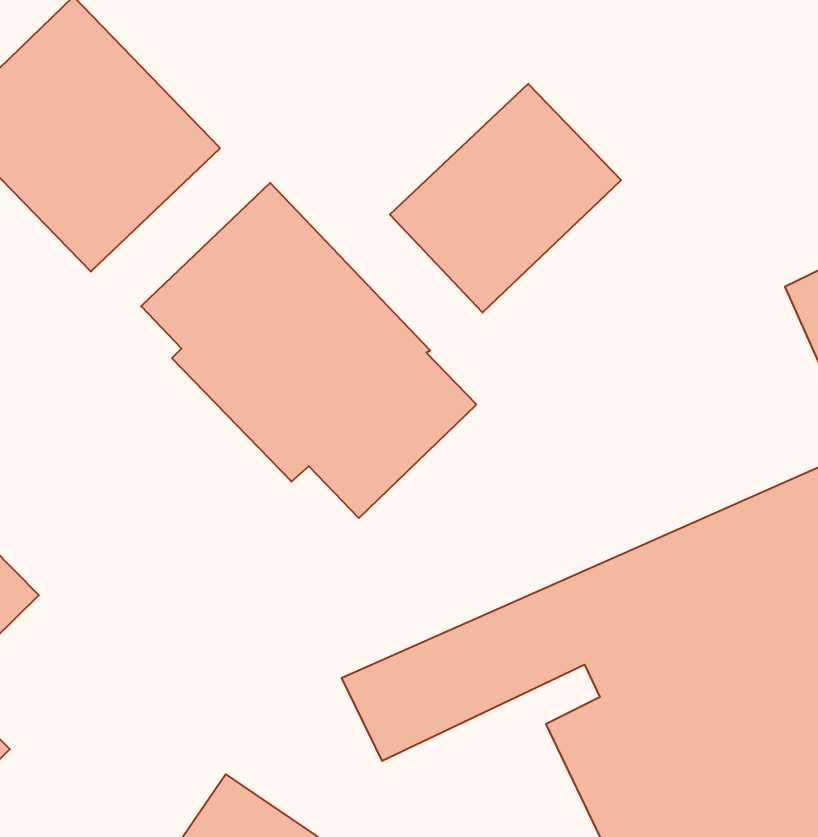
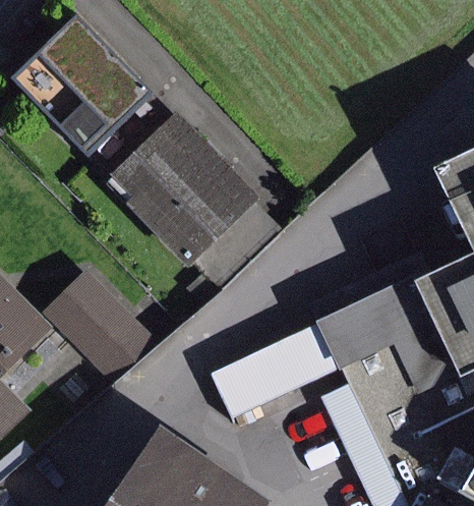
building: [390,84,621,313] -> none
building: none -> [44,269,155,380]

